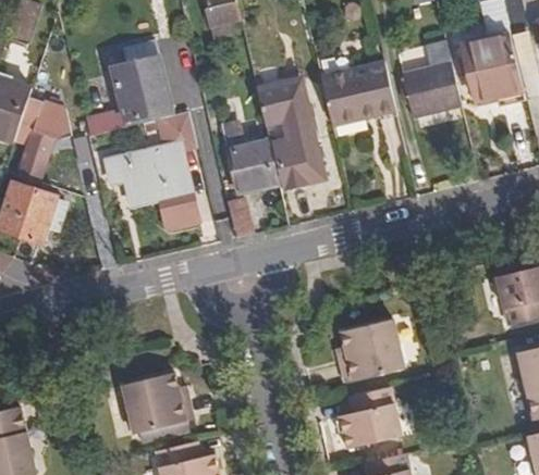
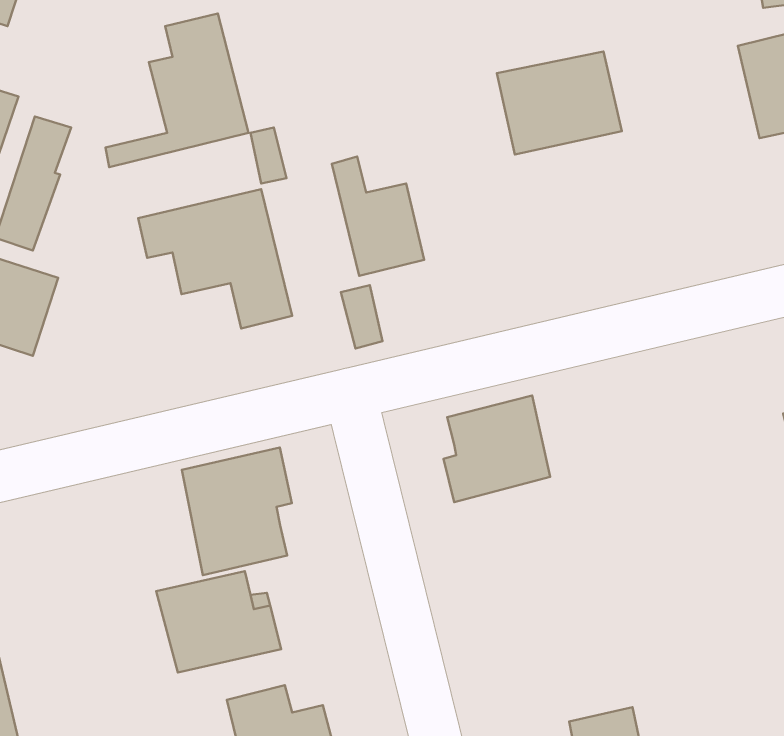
building: [404,41,463,116] -> none
building: [260,84,322,189] -> none
building: none -> [182,447,292,575]
building: [339,320,403,384] -> [443,395,550,502]
building: [335,387,400,450] -> none

